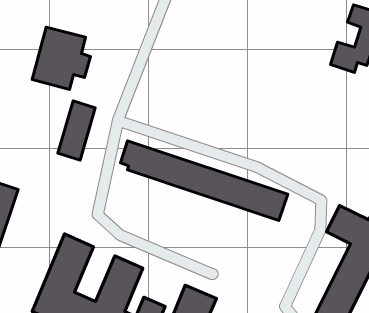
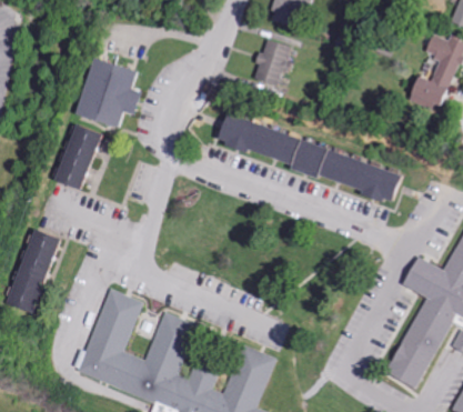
building: none -> [251,38,291,87]
building: [58,101,95,160] -> [57,123,98,189]
building: [120,141,288,220] -> [213,112,397,200]

